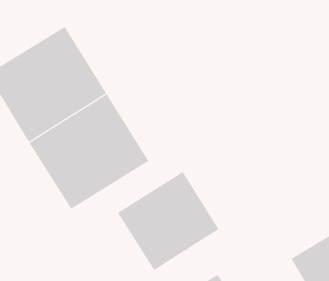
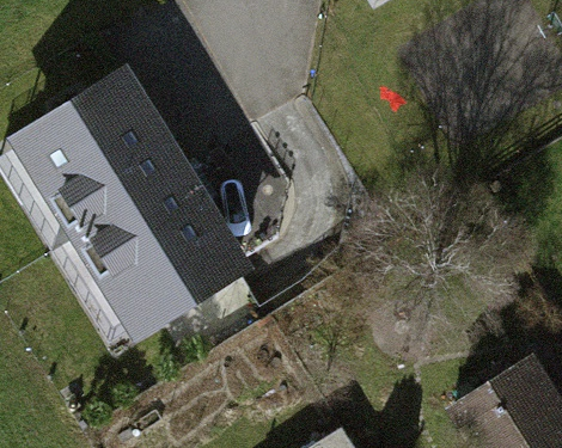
building: [117,171,219,271] -> none

